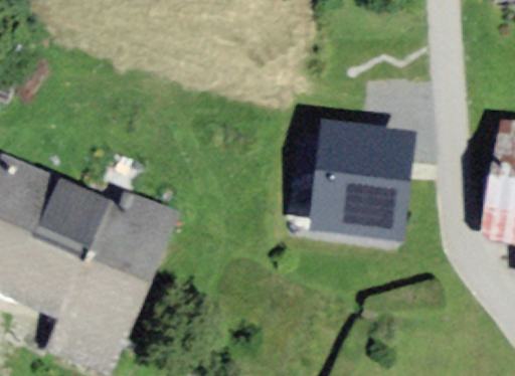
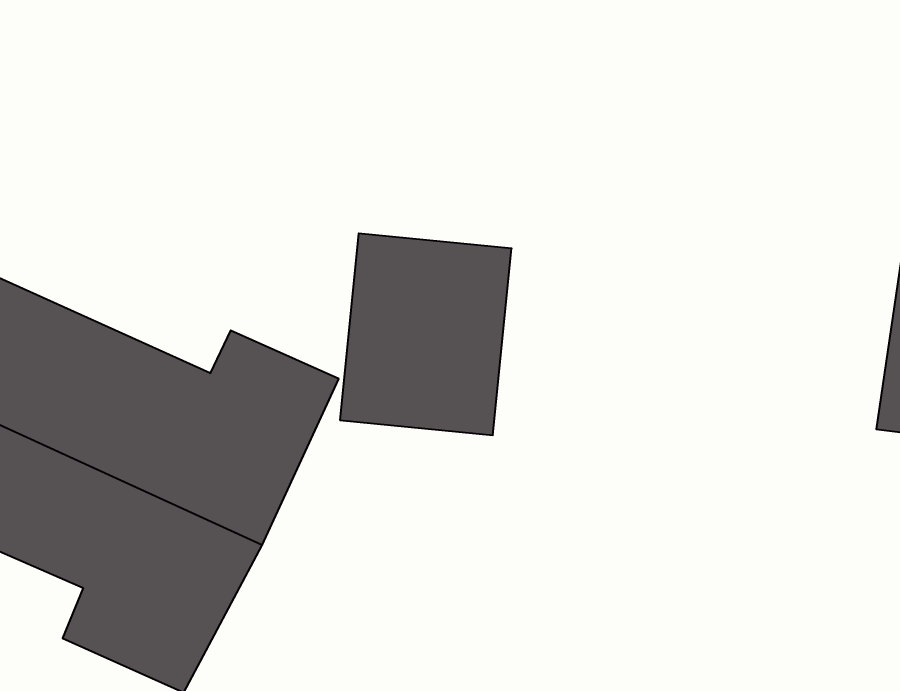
building: [307,132,399,240] -> [340,233,512,435]

